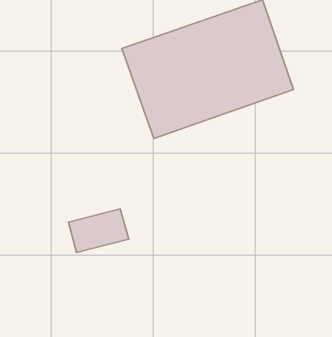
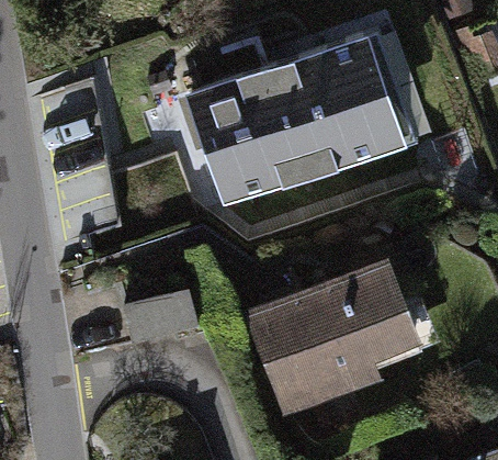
building: none -> [253,266,418,409]

